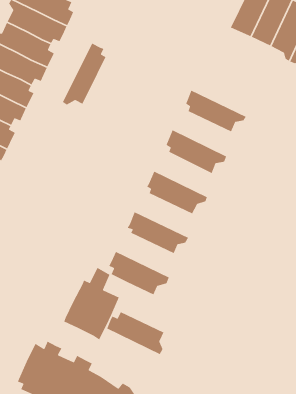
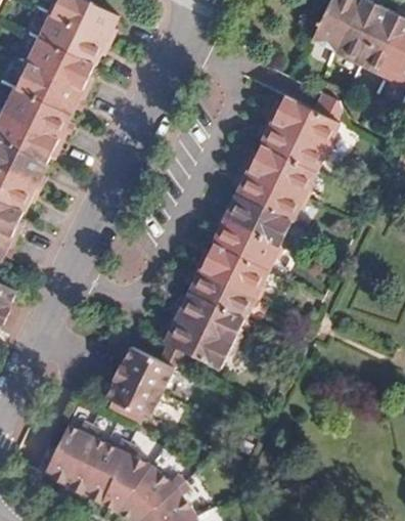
building: [62,43,107,106] -> none
building: none -> [261,96,331,150]
building: none -> [238,144,310,199]
building: none -> [216,193,286,248]
building: none -> [192,244,263,297]
building: [106,311,164,355] -> [170,292,240,345]

